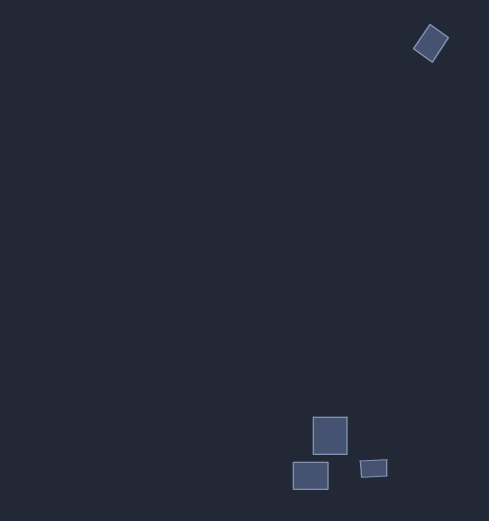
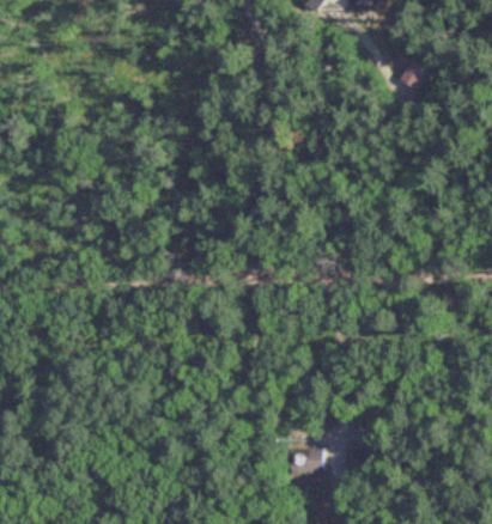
building: [313,417,347,454] -> none

